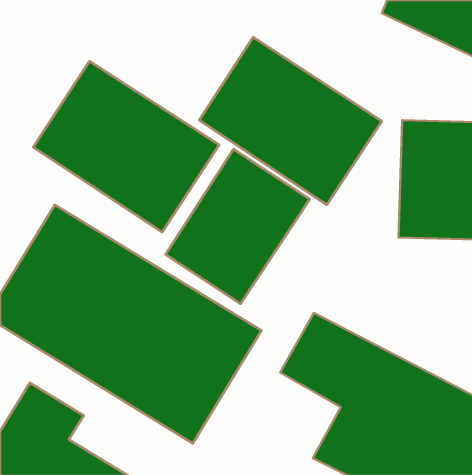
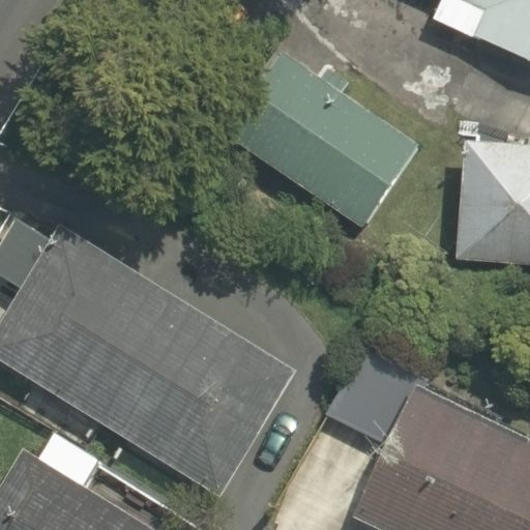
building: [33,61,219,232] -> none
building: [166,149,310,304] -> none

